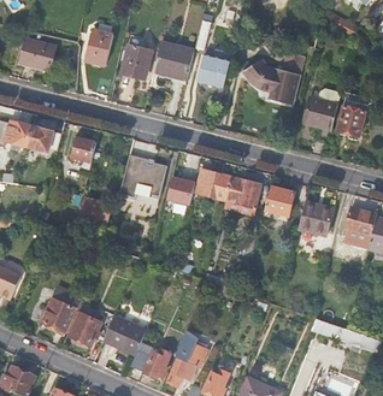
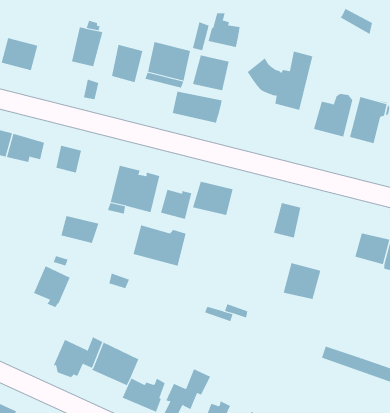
building: none -> [208,12,240,48]
building: none -> [172,91,222,124]
building: [225,176,260,208] -> none
building: [297,201,332,235] -> [283,262,321,300]
building: none -> [133,225,186,267]
building: [41,296,75,335] -> [33,265,70,308]

